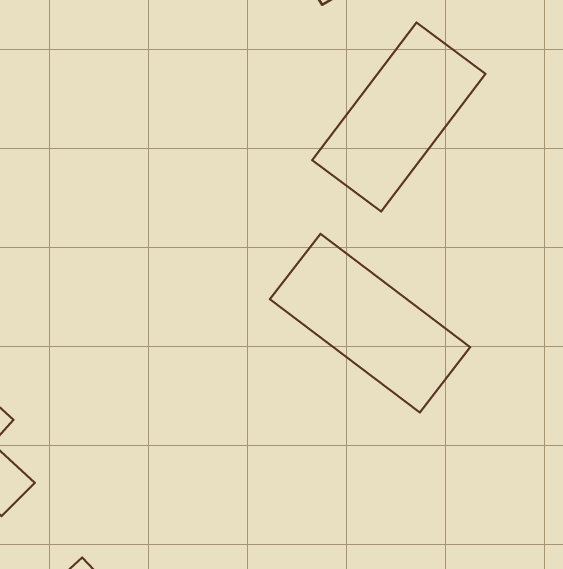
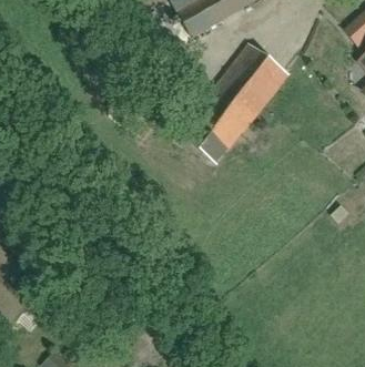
building: [270,234,470,413] -> none

